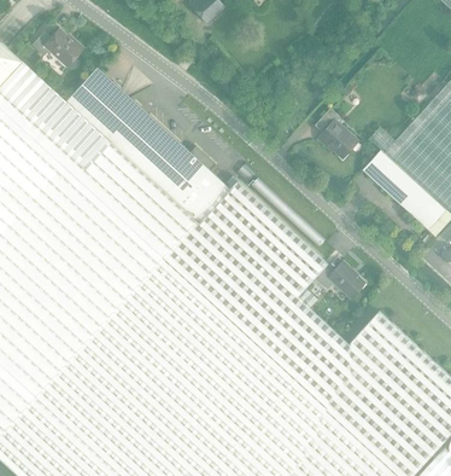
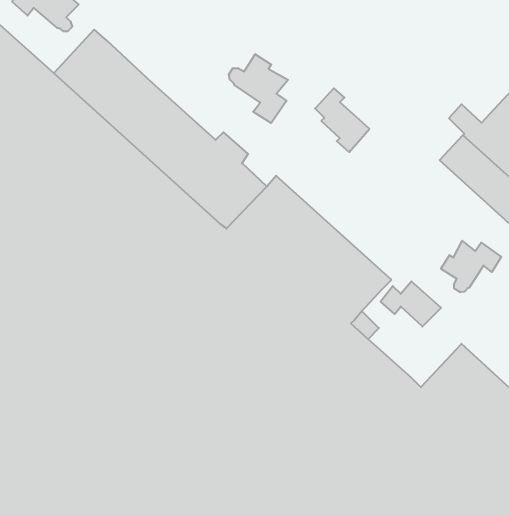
building: none -> [229,54,288,123]
building: [316,110,358,159] -> [315,88,369,152]
building: none -> [441,241,501,292]

